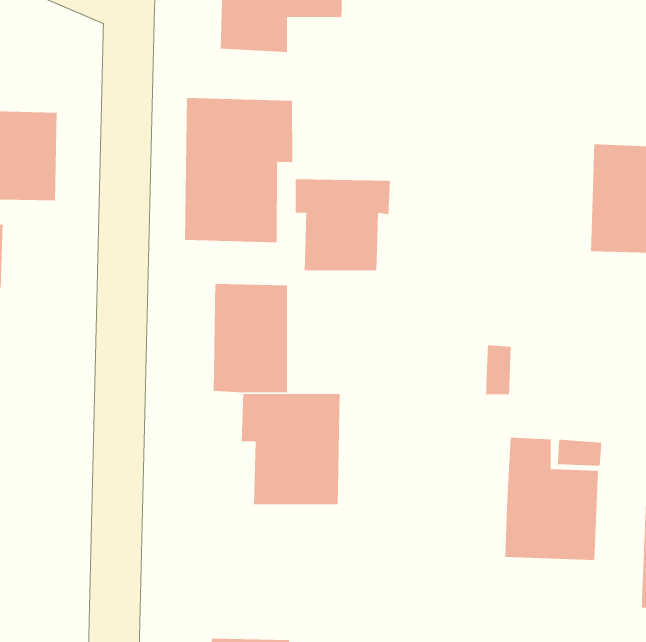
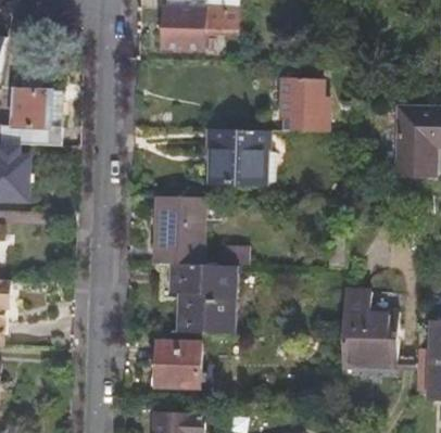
building: [184,97,293,243] -> none
building: none -> [279,80,326,131]
building: none -> [153,343,197,386]

